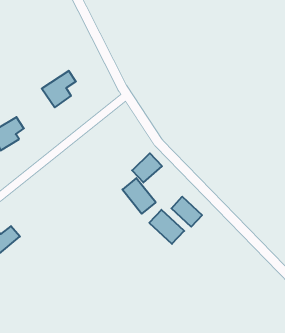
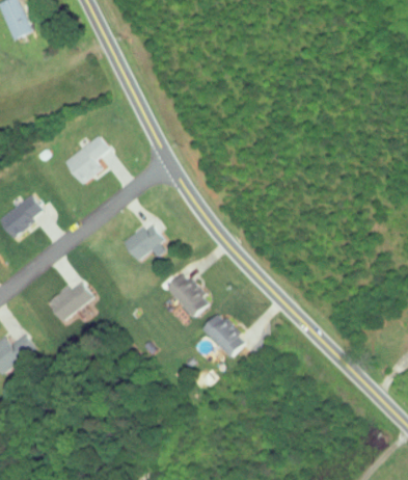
building: [132,153,162,183] -> [124,222,162,260]
building: none -> [49,281,92,320]
building: [171,197,202,227] -> none

